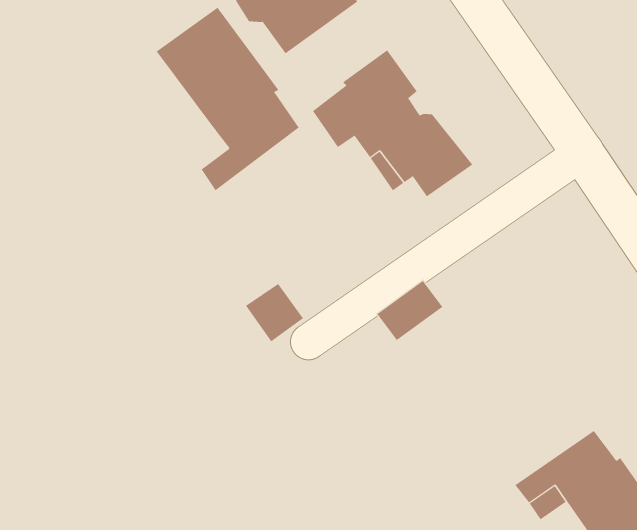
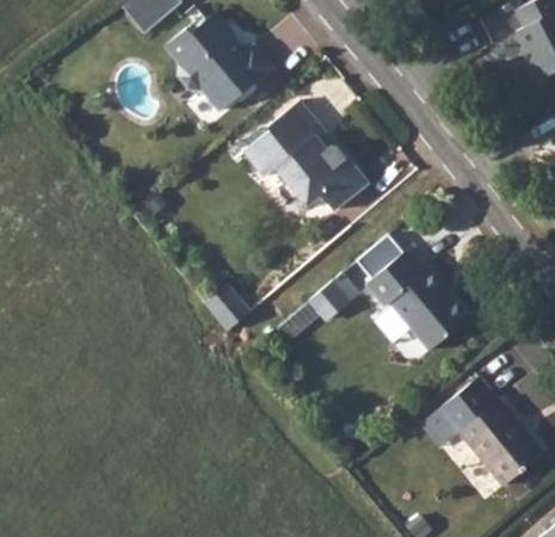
building: [156,7,299,191] -> none
building: none -> [353,236,469,351]

